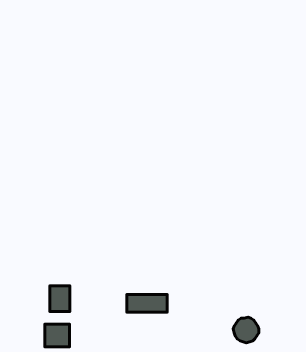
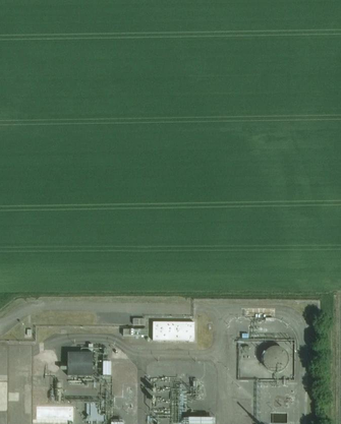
building: [50,286,70,311] -> none

